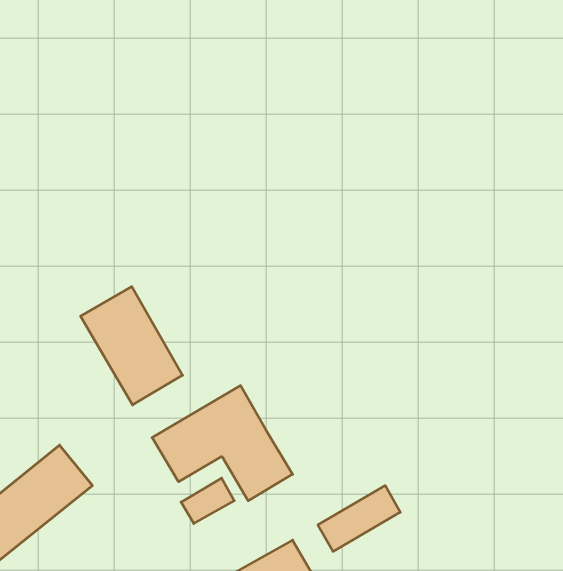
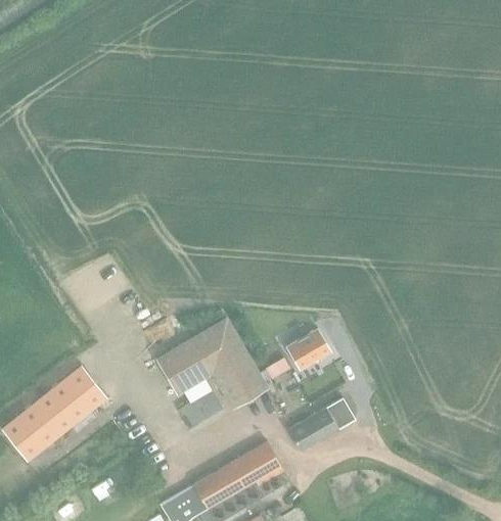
building: [81,287,183,405] -> none
building: none -> [286,338,329,377]

